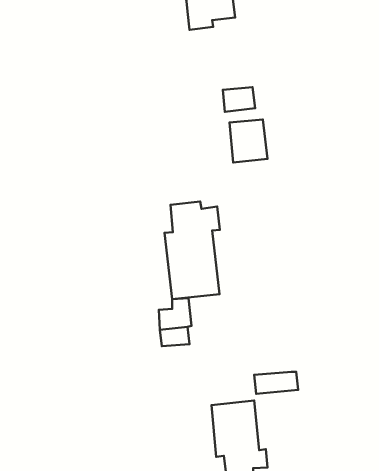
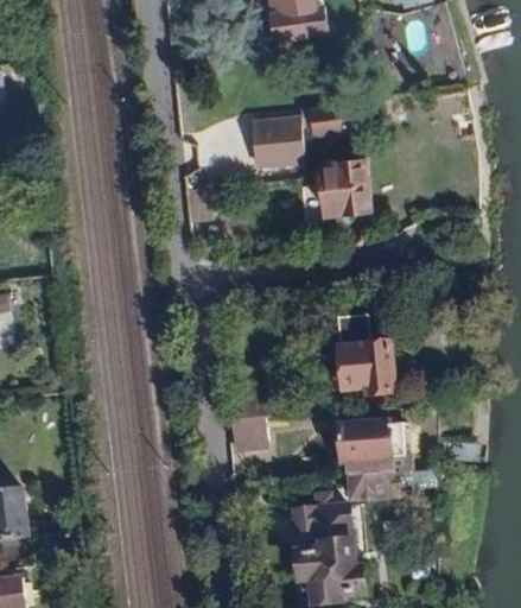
building: none -> [249,114,304,170]
building: [164,202,220,299] -> none
building: none -> [342,344,394,395]
building: none -> [341,419,396,475]

